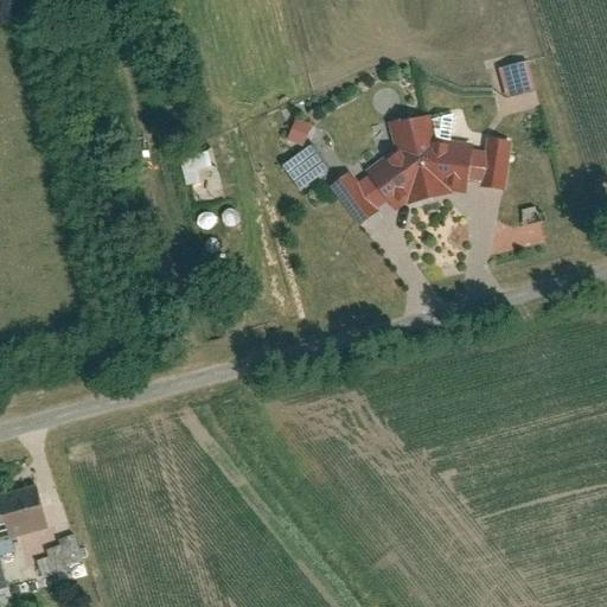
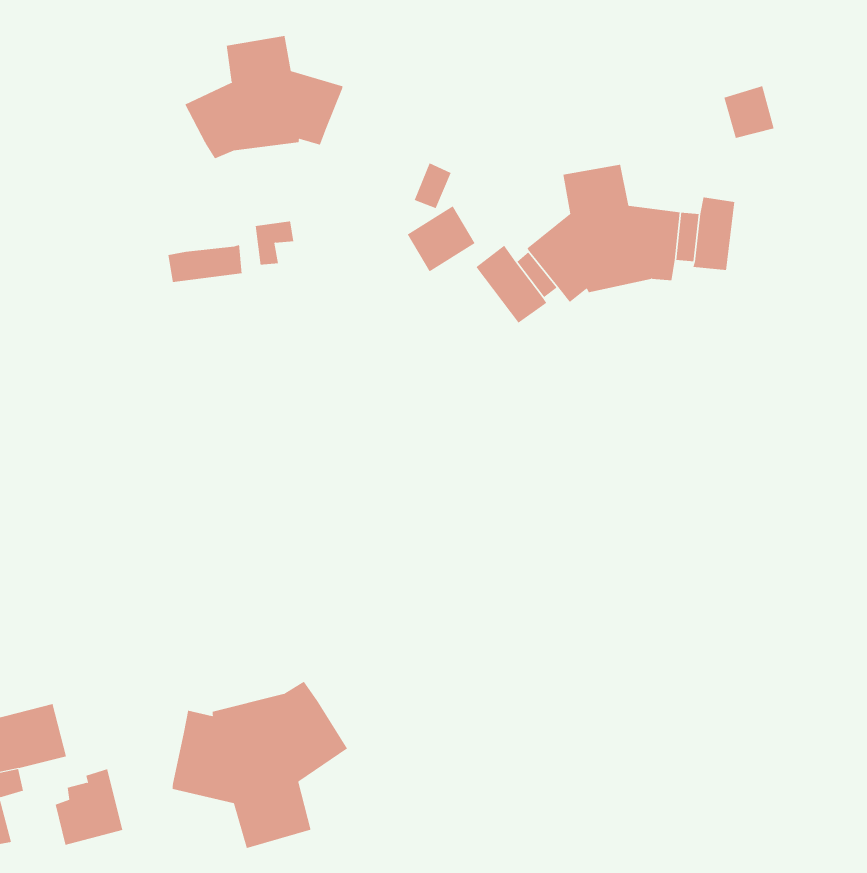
building: none -> [184,35,343,159]
building: none -> [168,244,242,283]
building: none -> [172,681,348,849]

